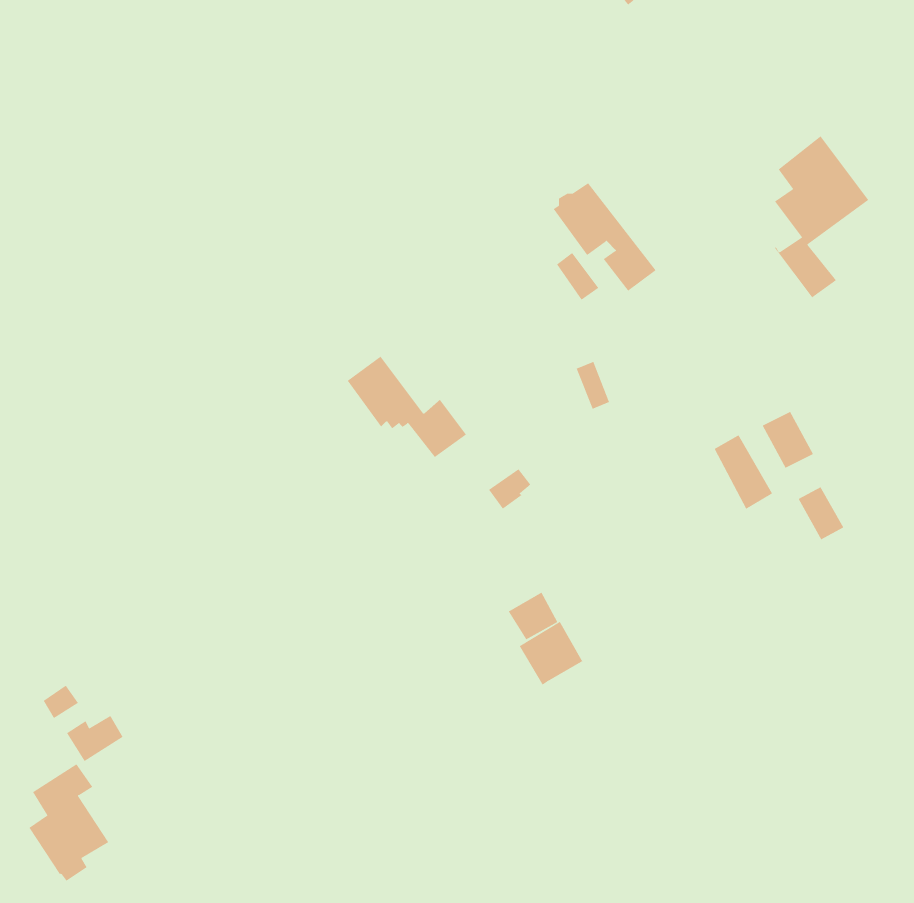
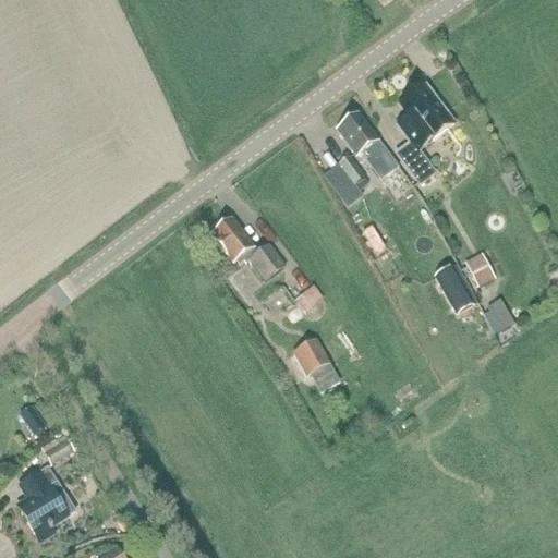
building: [774,135,869,298] -> [397,82,454,181]
building: none -> [323,161,362,206]
building: [519,621,583,685] -> [292,336,331,375]

